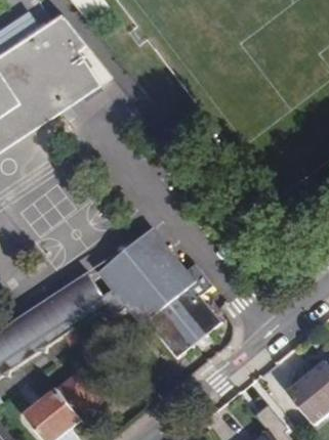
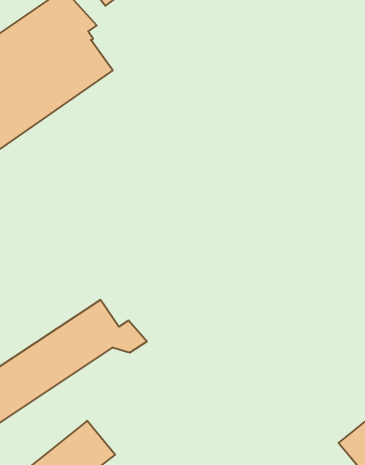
building: [95,228,218,358] -> none

